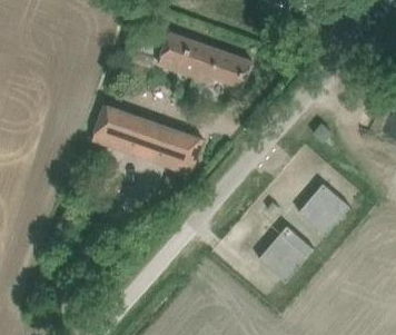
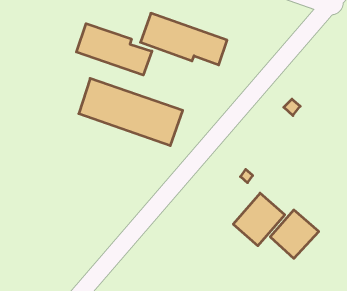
building: none -> [76,24,152,75]
building: [297,185,349,237] -> [270,210,319,258]

